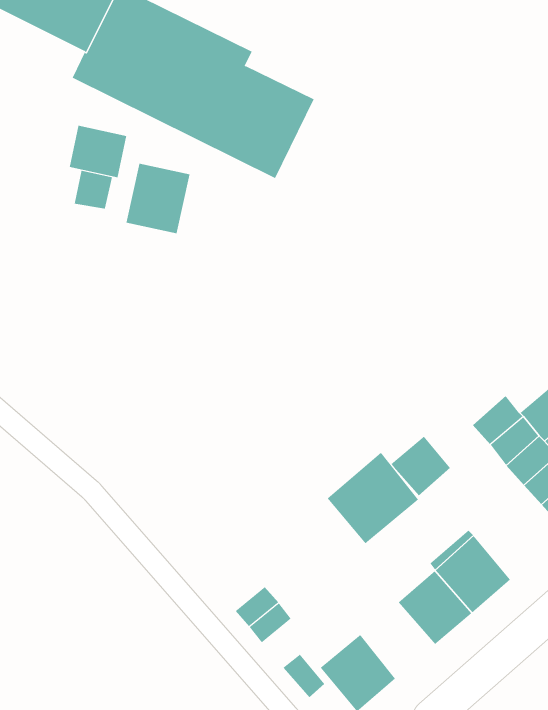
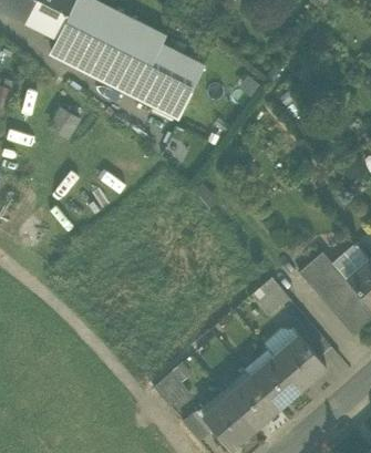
building: [69,125,127,178] -> none
building: [126,163,190,234] -> none
building: [327,452,419,544] -> none
building: none -> [231,380,278,428]

